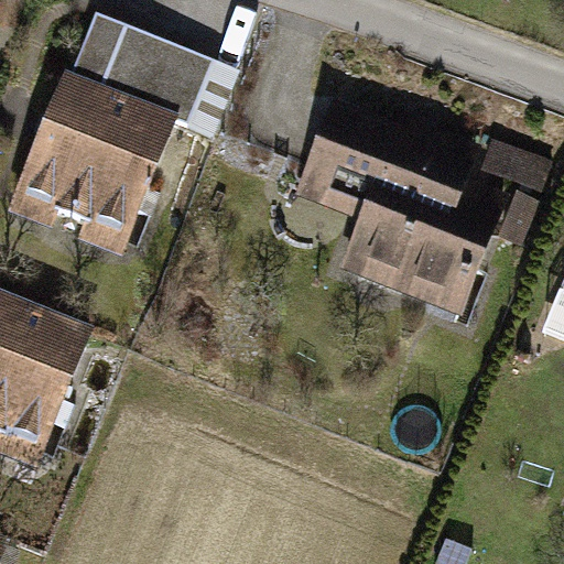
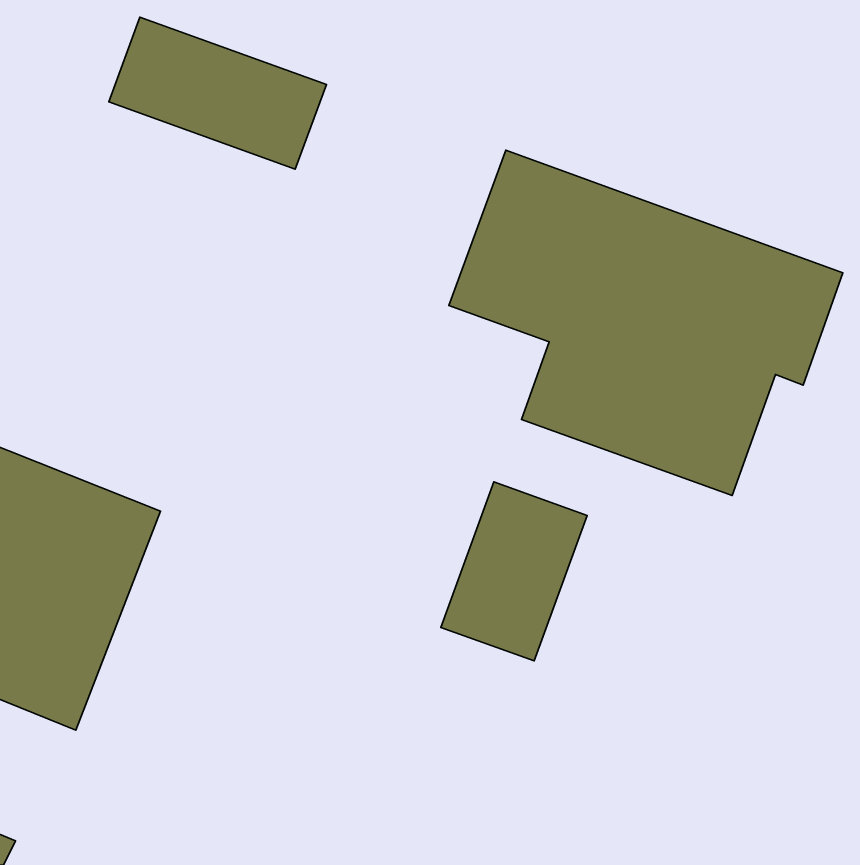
building: [4,69,178,260] -> none
building: none -> [441,482,587,661]

